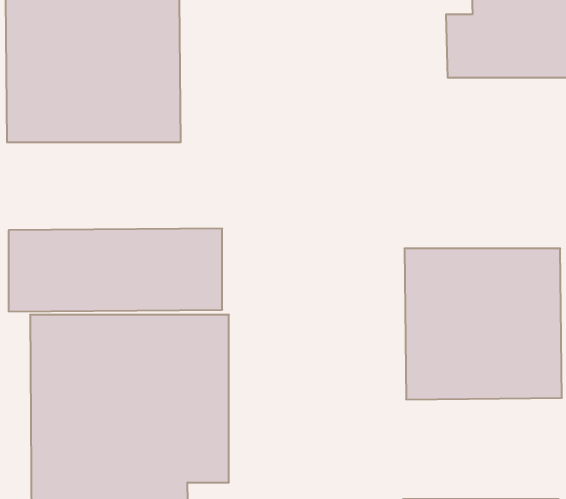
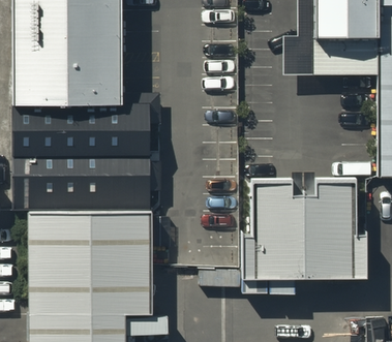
building: none -> [13,116,149,167]

